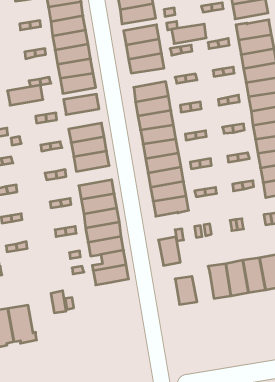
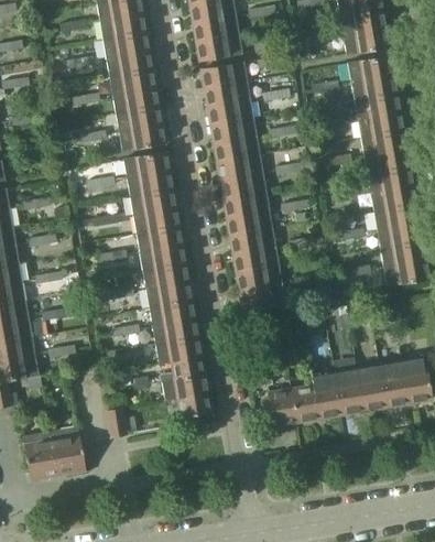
building: [172,24,206,44] -> [210,118,255,143]
building: [7,85,43,105] -> [126,171,172,197]
building: none -> [139,245,185,271]
building: [158,237,180,265] -> [290,384,318,422]
building: none -> [177,392,210,424]

